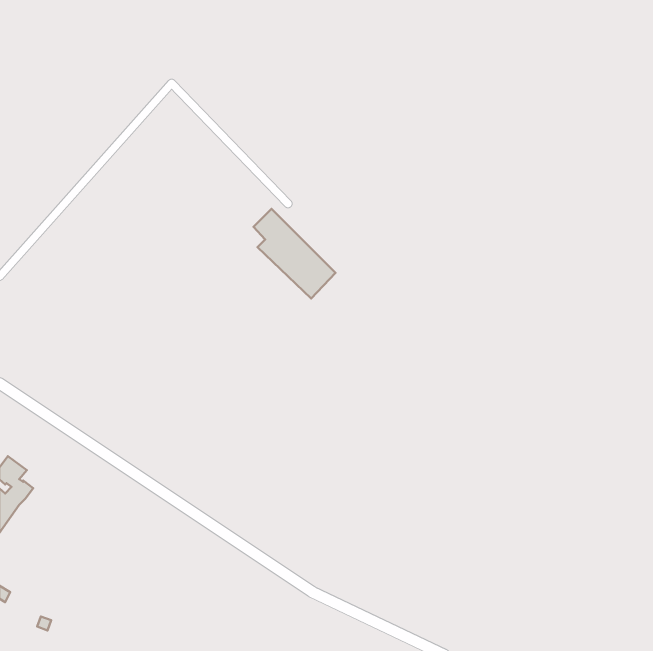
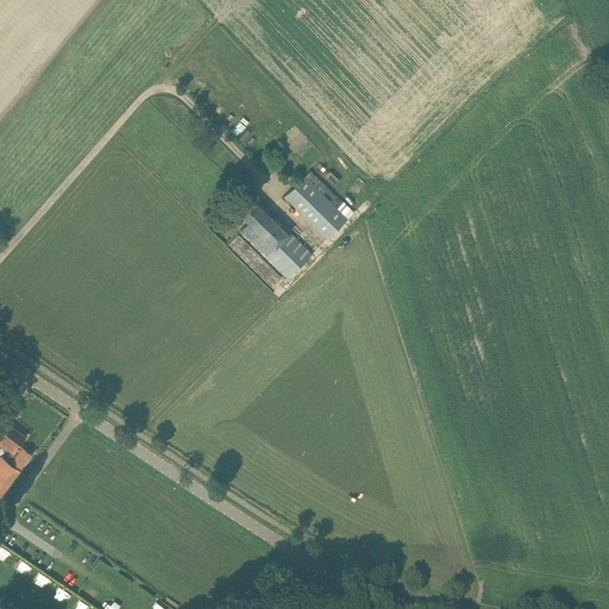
building: none -> [282,174,352,243]

